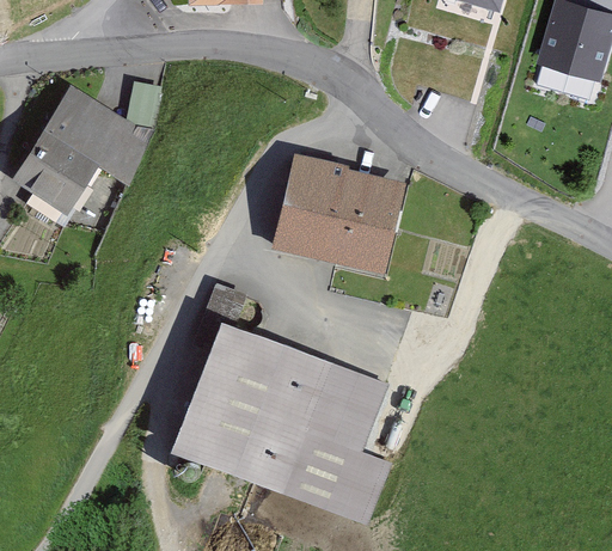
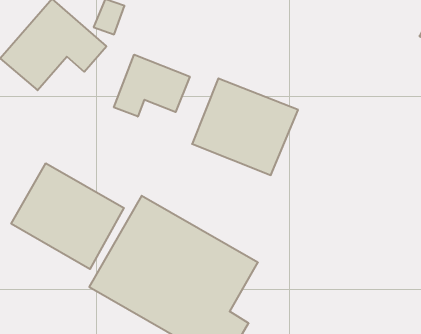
building: none -> [114,55,190,117]
building: none -> [11,163,124,269]

